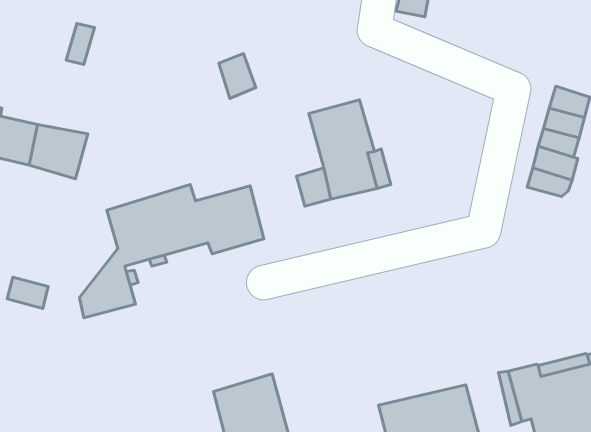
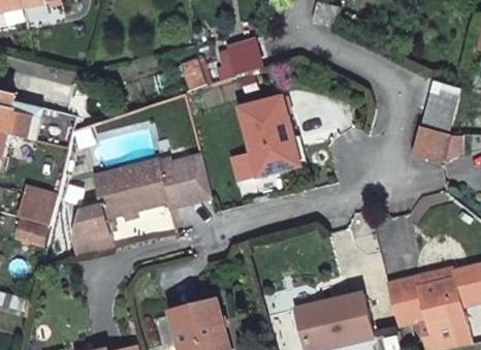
building: none -> [218,34,258,70]
building: none -> [17,189,55,226]

